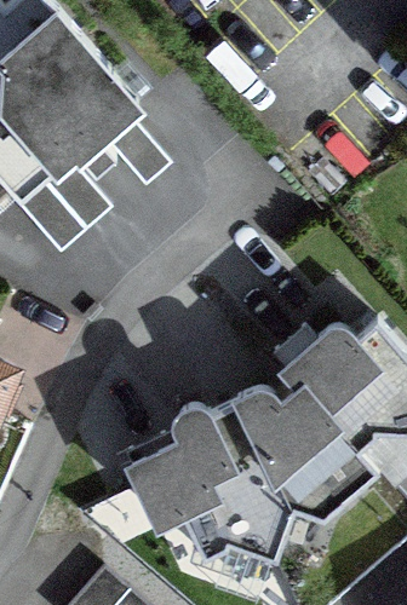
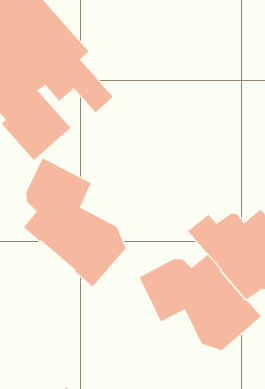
building: none -> [23,157,126,287]
building: [122,407,288,558] -> none

